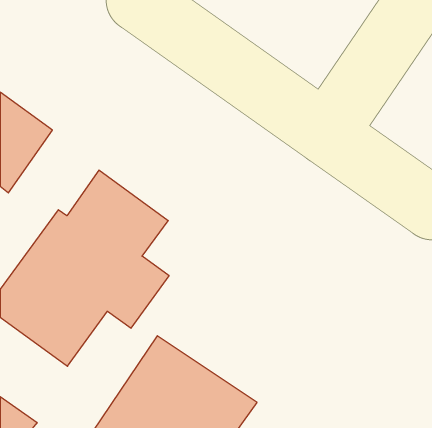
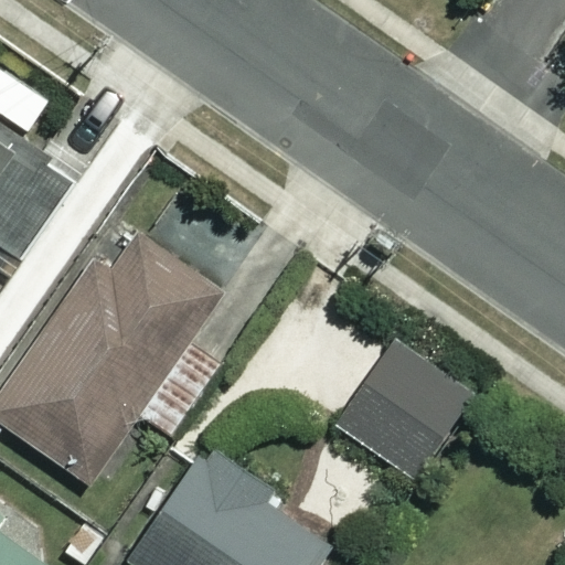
building: none -> [337,341,473,479]

